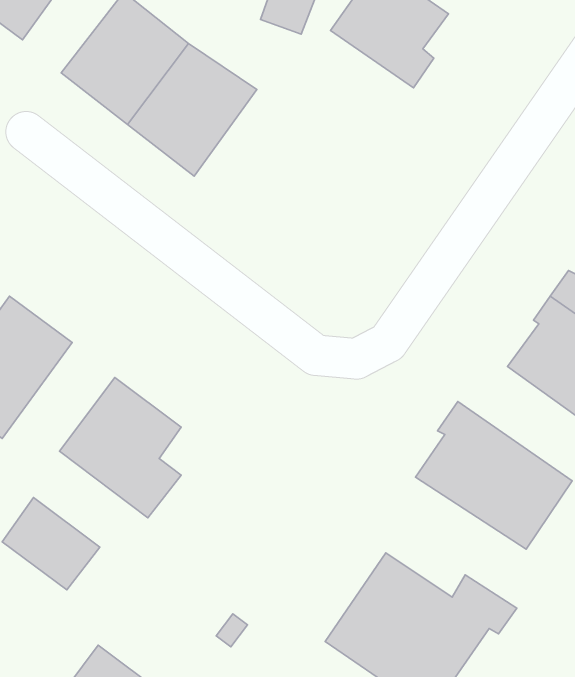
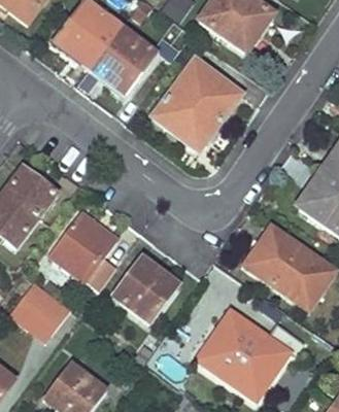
building: none -> [150,57,241,149]
building: none -> [113,259,177,323]

